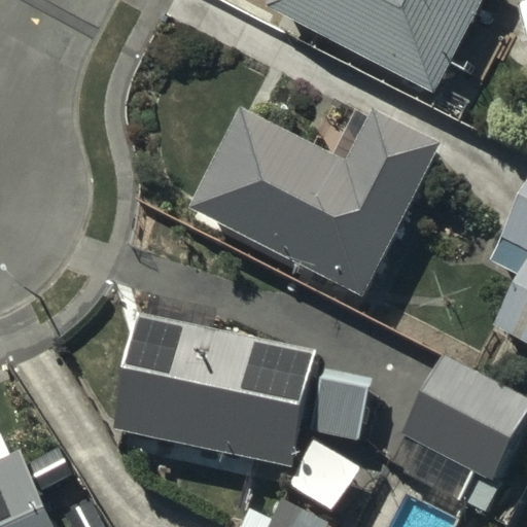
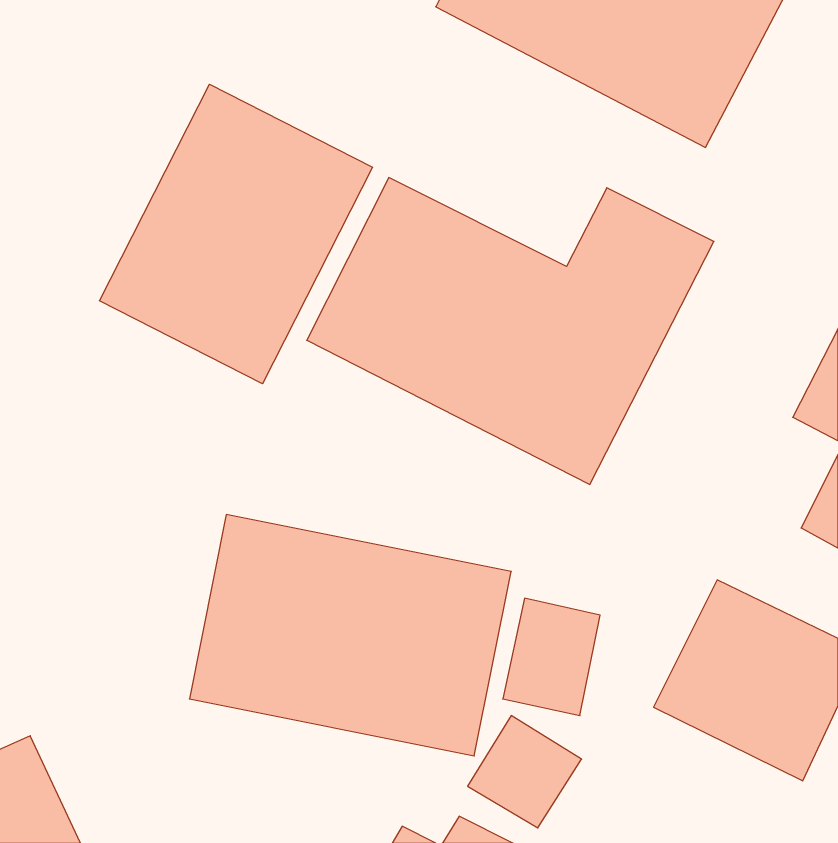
building: none -> [99,84,373,384]

